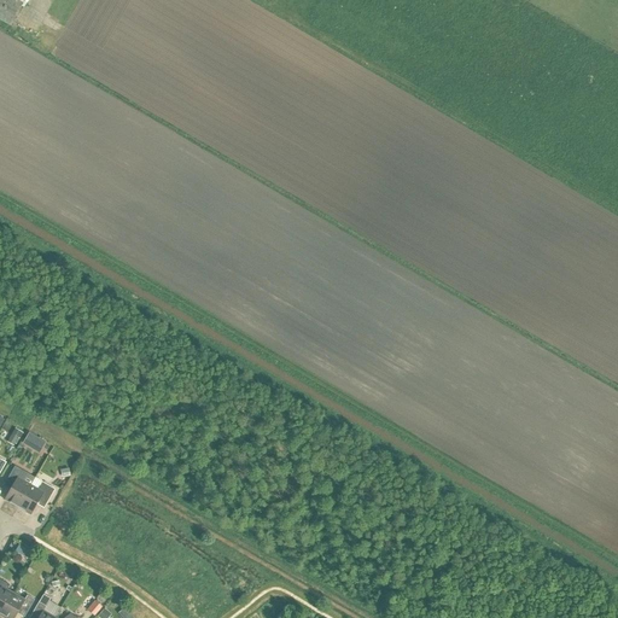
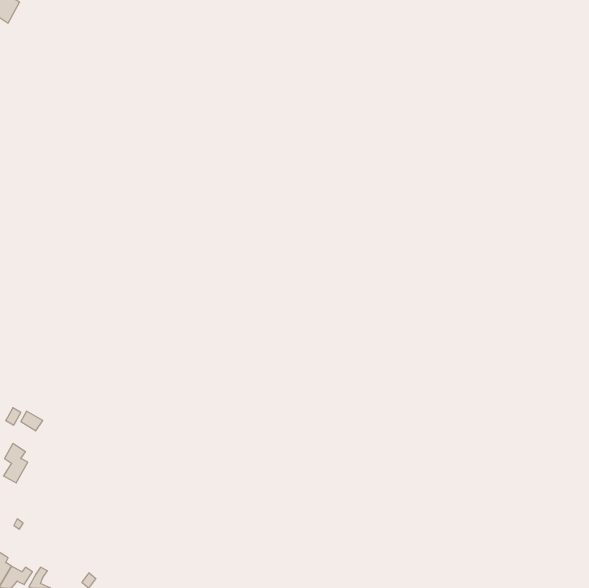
building: [17,479,53,512] -> none

